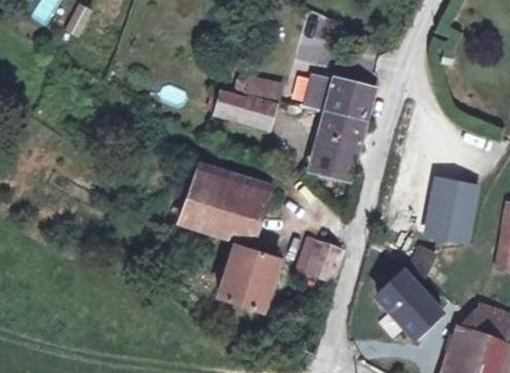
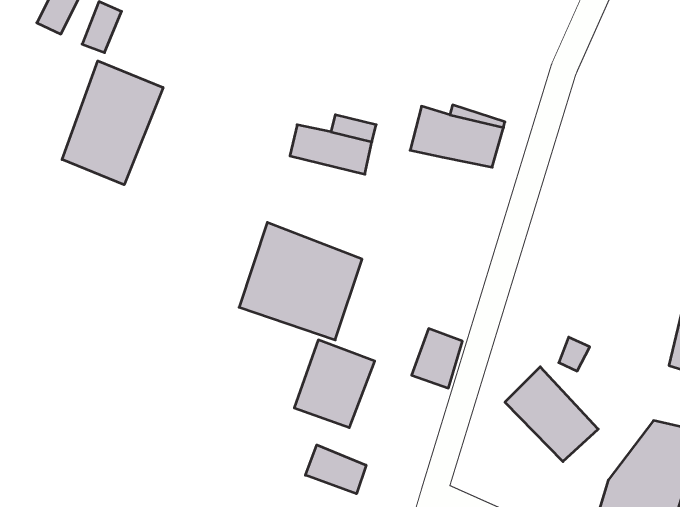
building: none -> [62,61,163,185]
building: [313,115,364,177] -> none
building: [424,179,475,238] -> none
building: none -> [305,445,366,494]

